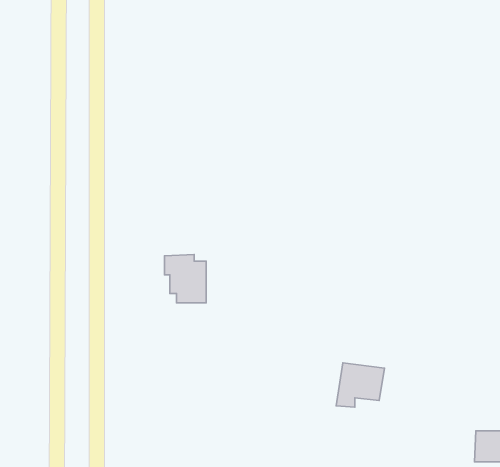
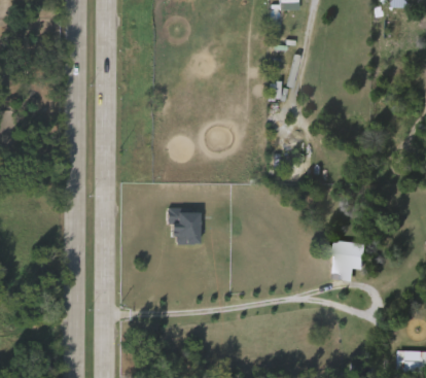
building: [336,363,385,407] -> [329,241,366,275]

